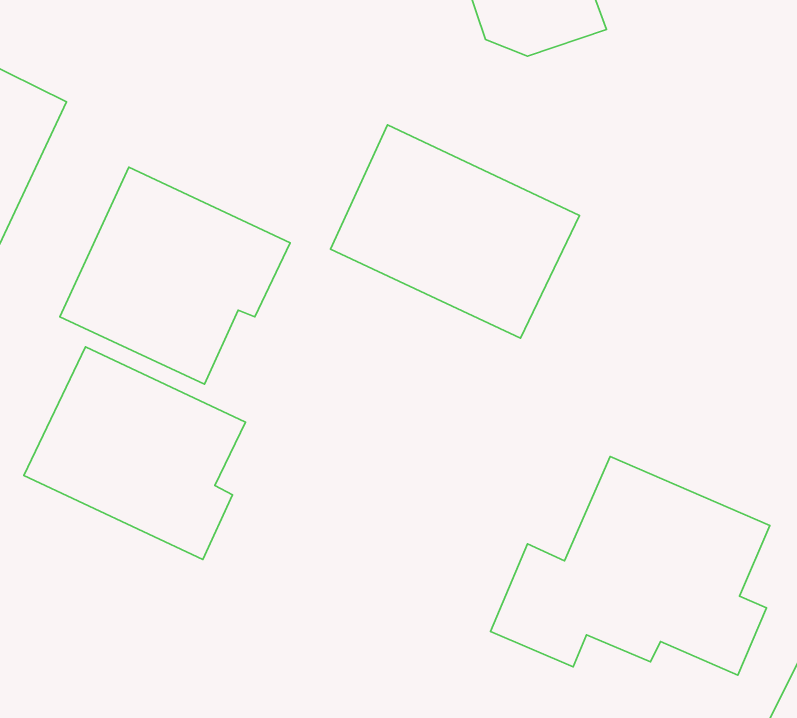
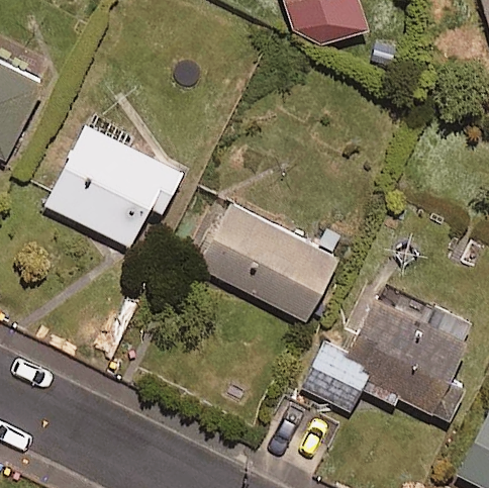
building: [330,125,579,338] -> [193,193,343,321]
building: [24,347,246,559] -> none

